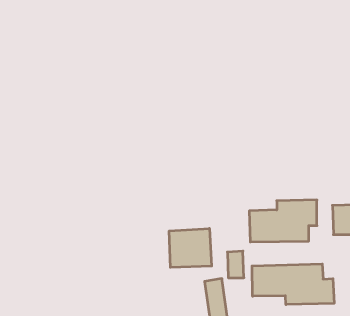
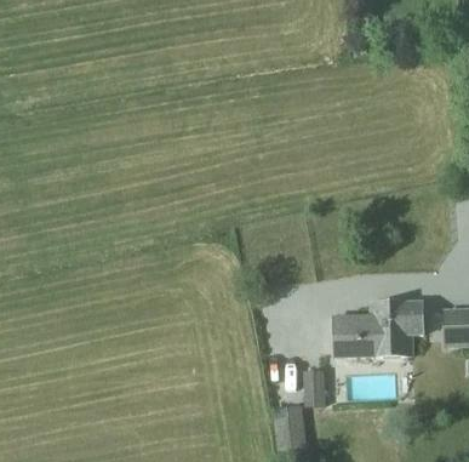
building: [169,228,212,267] -> none
building: [252,264,334,305] -> none

